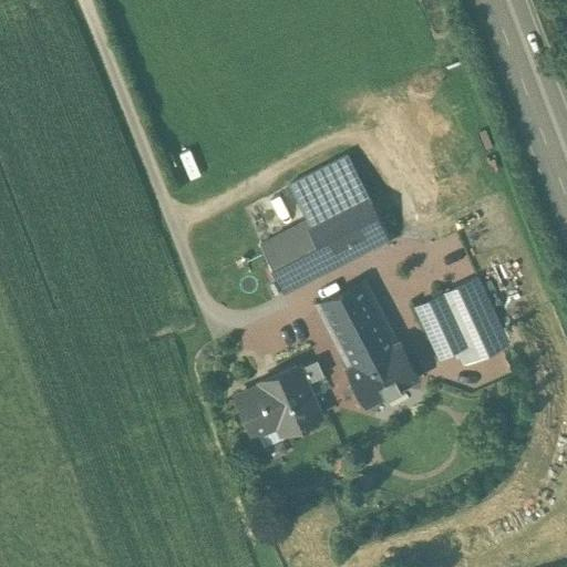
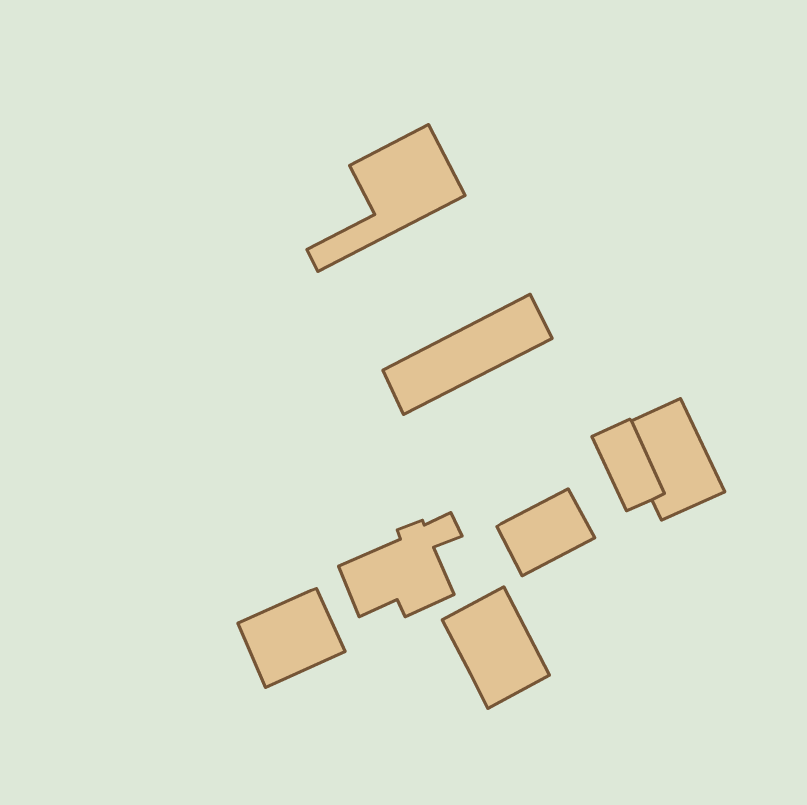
building: [261,158,372,261] -> [307,124,465,272]
building: [320,284,395,369] -> [442,587,550,708]
building: none -> [238,589,345,688]

